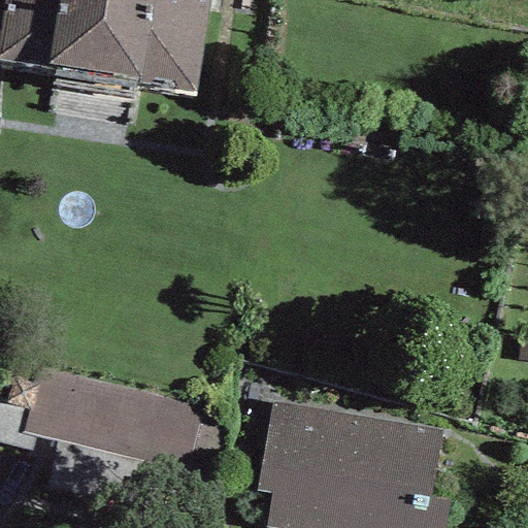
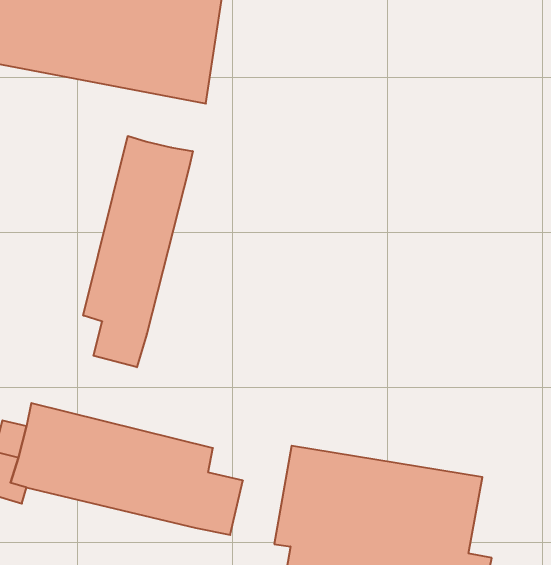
building: none -> [83,136,193,367]

